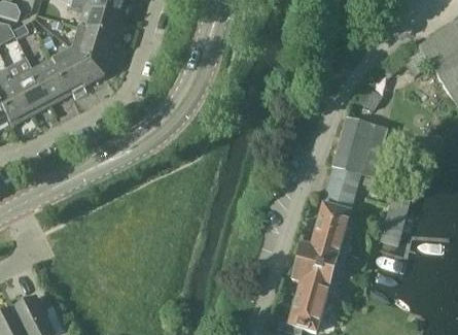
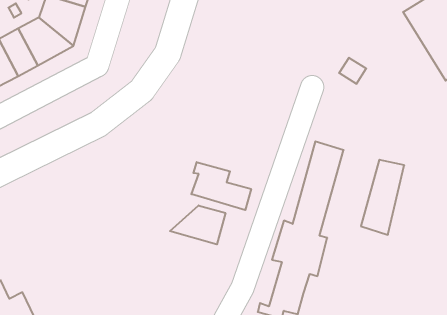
building: [332,118,386,178] -> none
building: none -> [191,162,251,210]
building: none -> [170,205,225,244]

